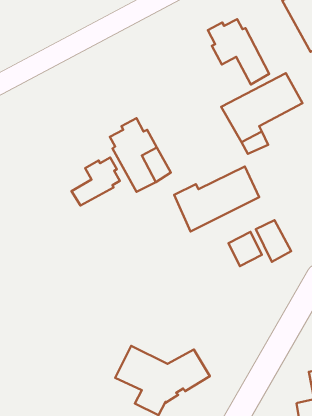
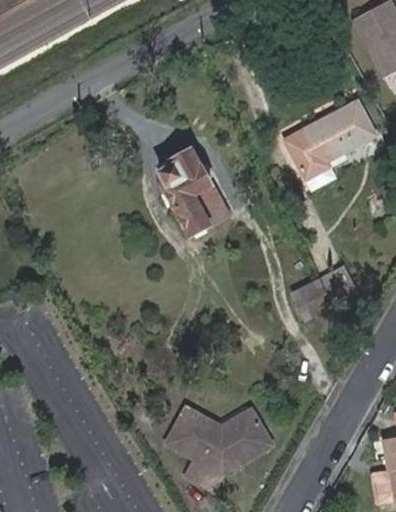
building: [208,19,269,84] -> none
building: [72,158,120,206] -> none
building: [174,166,259,232] -> none

